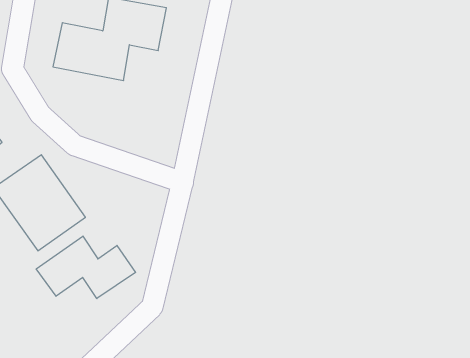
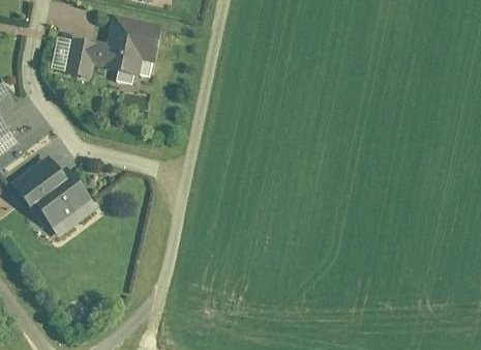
building: [36,236,136,299] -> none

